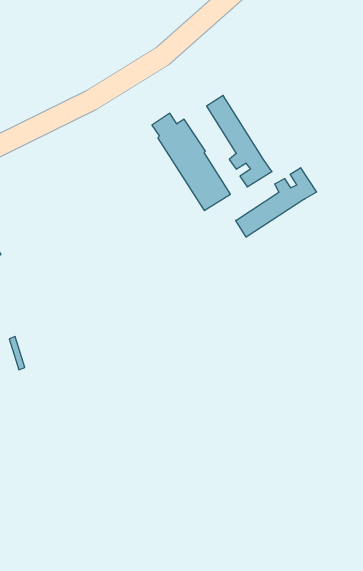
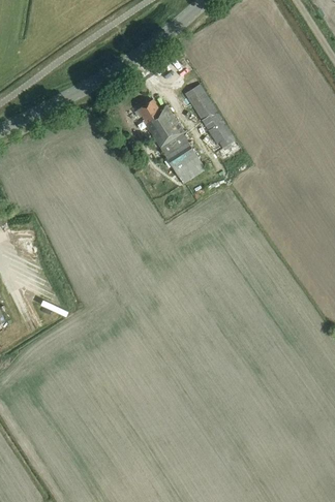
building: [236,168,316,237] -> none

